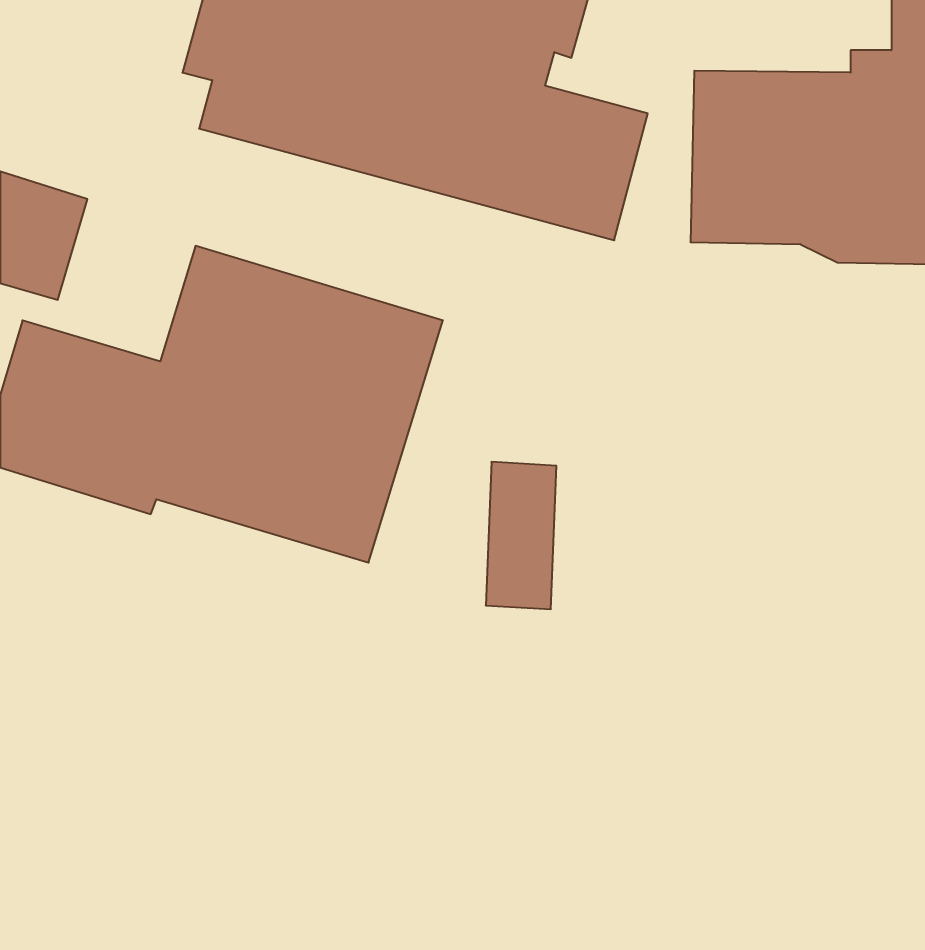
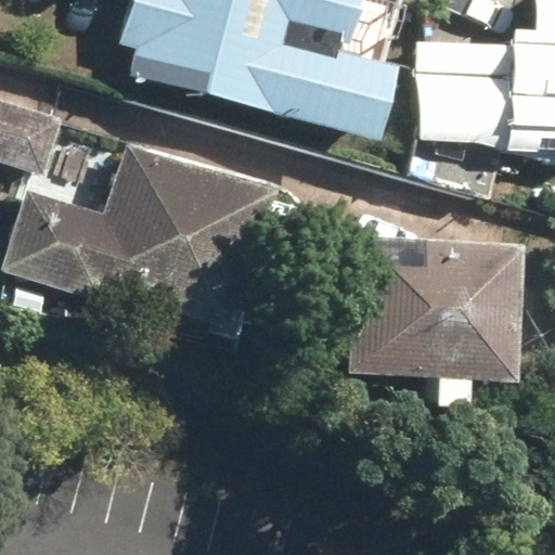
building: none -> [346,237,517,379]

